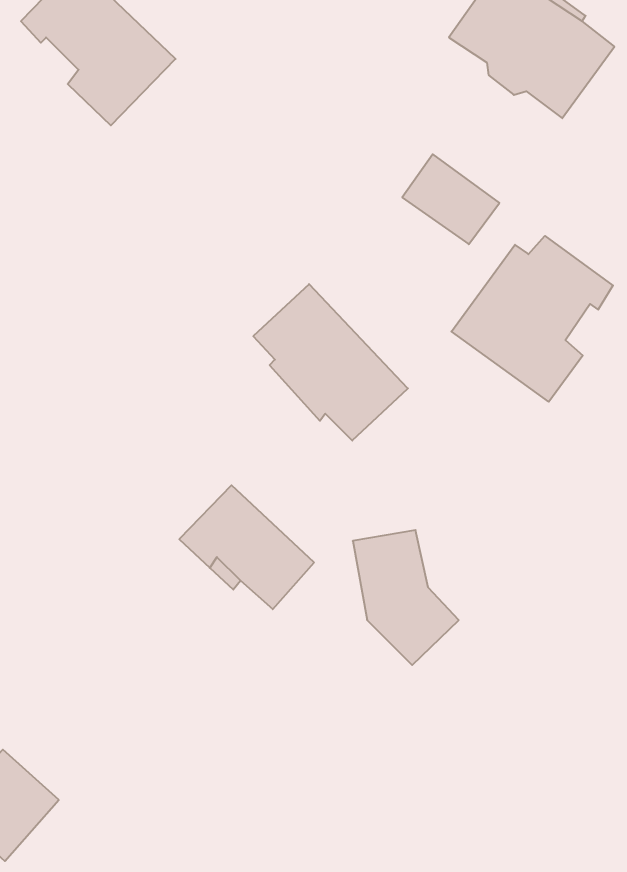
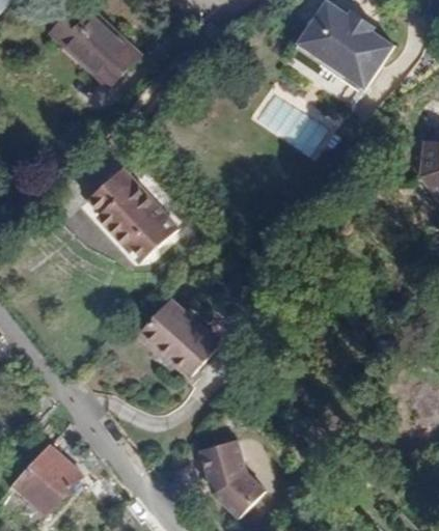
building: [451,236,613,402] -> none
building: [253,284,408,441] -> [87,169,176,259]
building: [353,530,459,665] -> [211,432,272,510]

